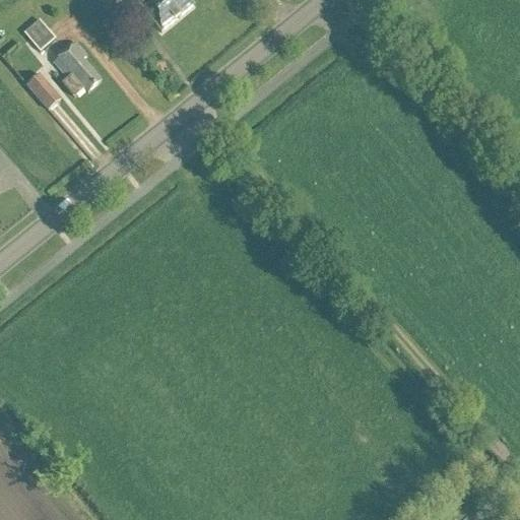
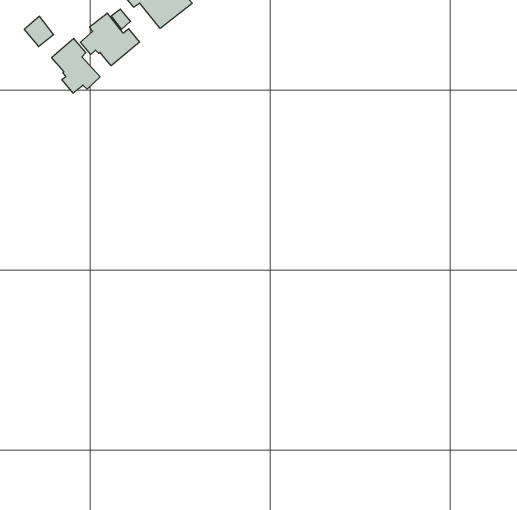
building: none -> [80,13,140,66]
building: [26,71,61,108] -> none

